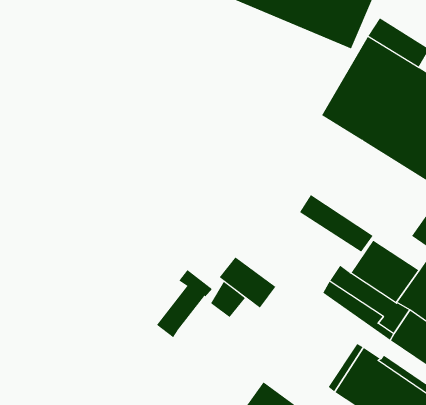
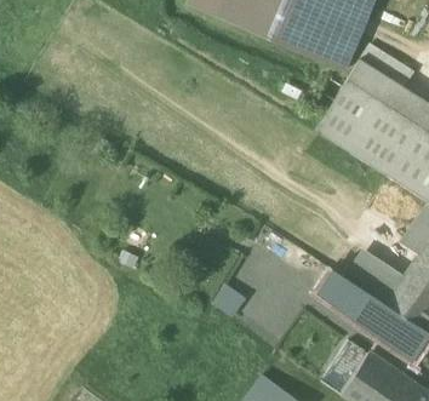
building: [299,194,374,253] -> none
building: [219,257,276,309] -> none
building: [156,269,213,338] -> none

